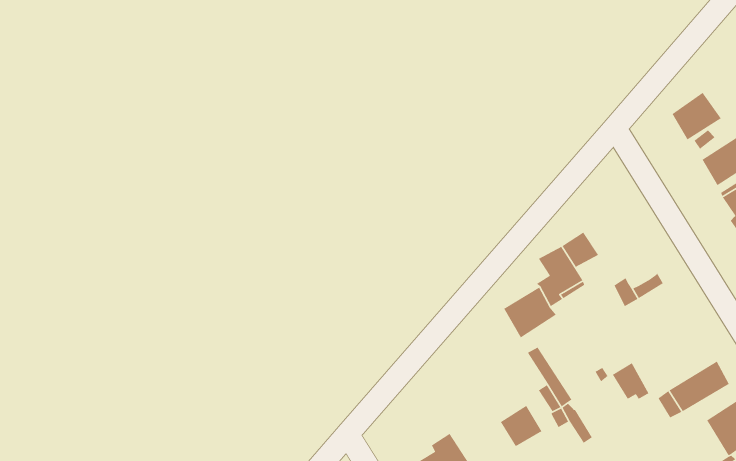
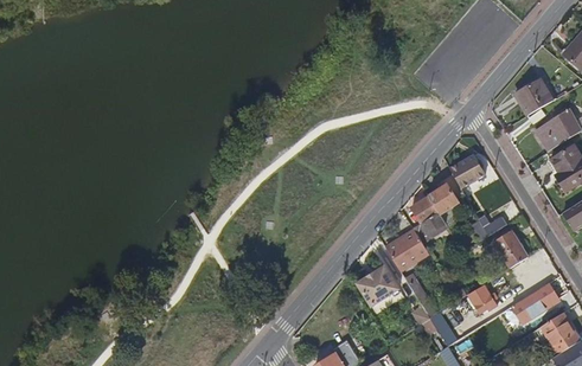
building: none -> [450,154,485,187]
building: none -> [494,232,524,268]
building: [500,405,542,447] -> [365,267,397,298]

